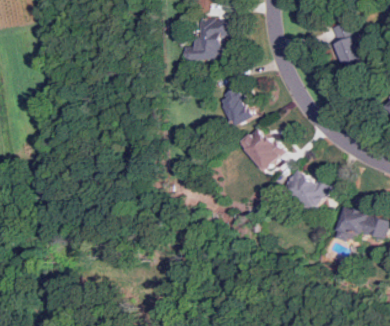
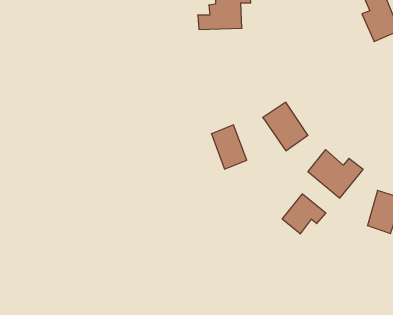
building: [219,85,251,125] -> [211,125,247,169]
building: none -> [282,194,326,234]

